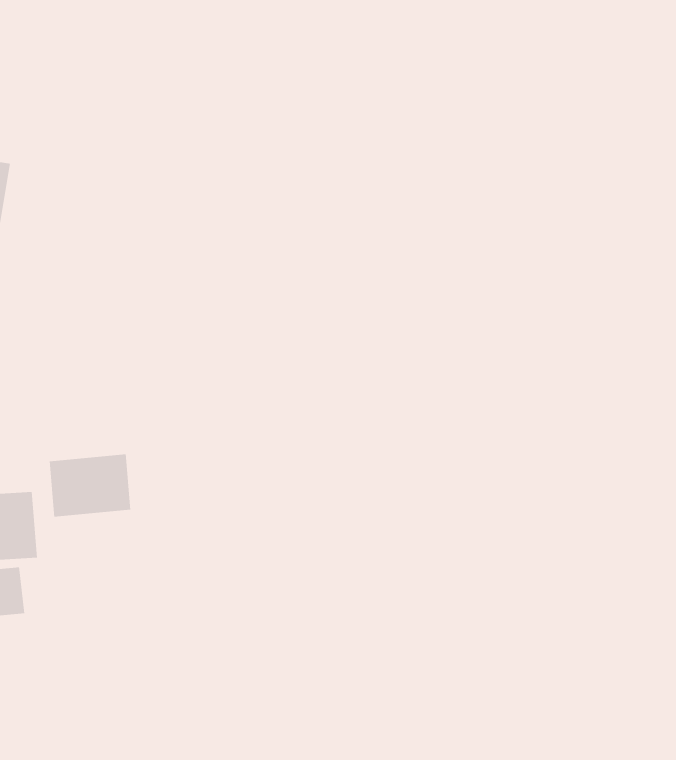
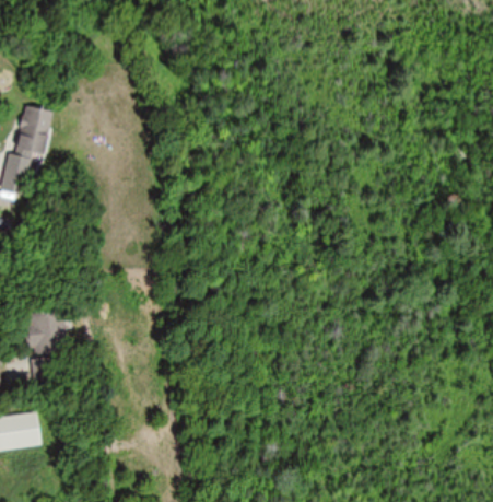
building: [49,453,131,518] -> none

